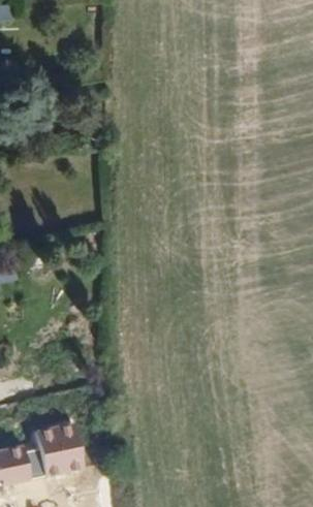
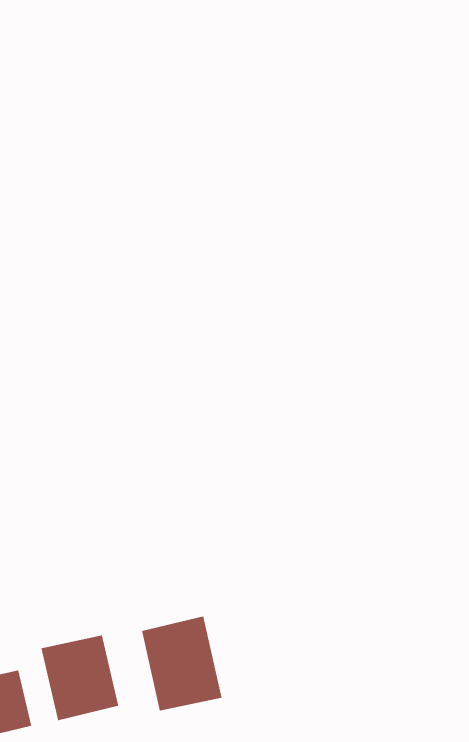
building: none -> [141,616,223,711]

